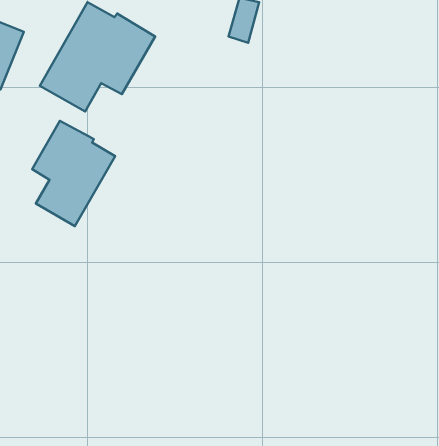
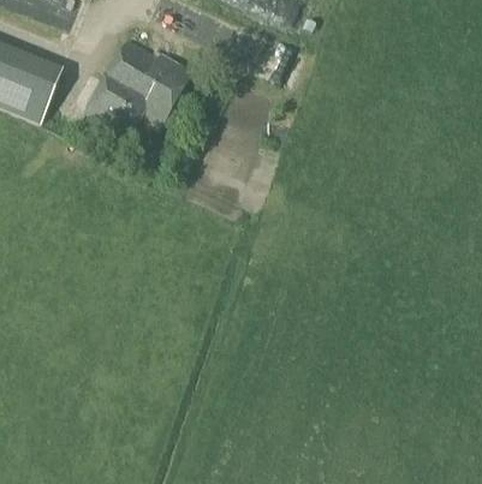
building: [32,121,115,226] -> none

